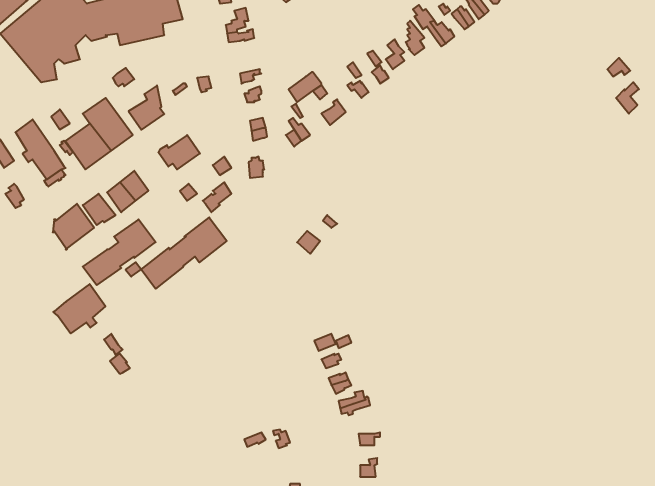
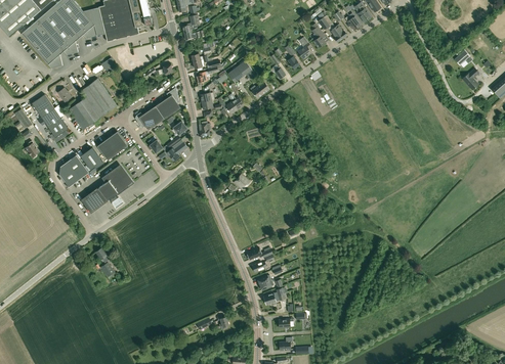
building: [129,85,164,130] -> [156,87,181,119]
building: [141,217,227,289] -> none
building: [53,284,105,333] -> none

